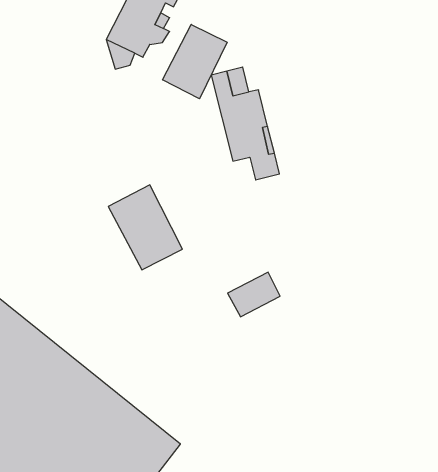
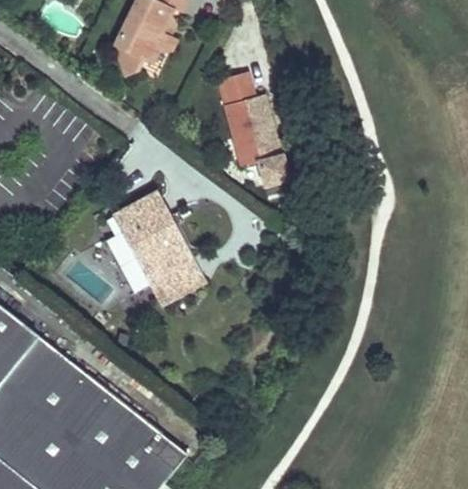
building: [163,24,227,99] -> none
building: [228,272,280,317] -> [147,257,200,302]

